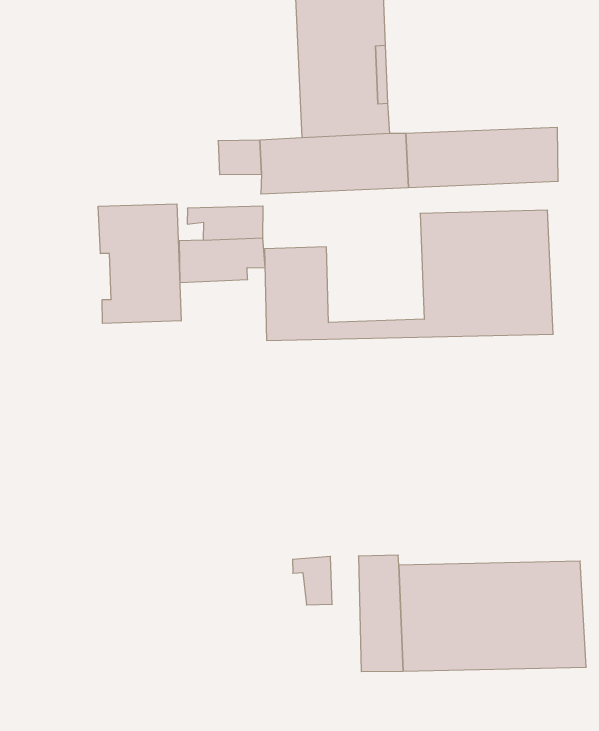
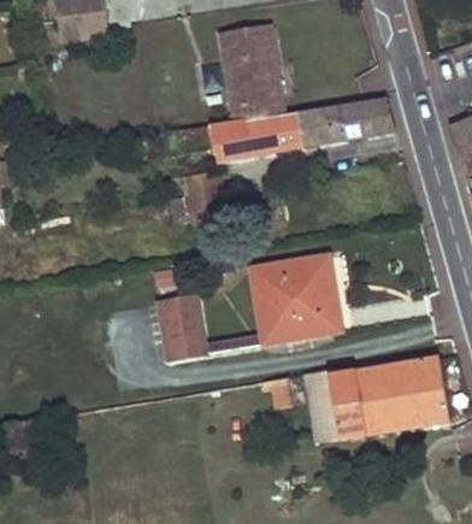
building: [98,204,181,323] -> none
building: [265,210,553,340] -> [155,254,337,355]

